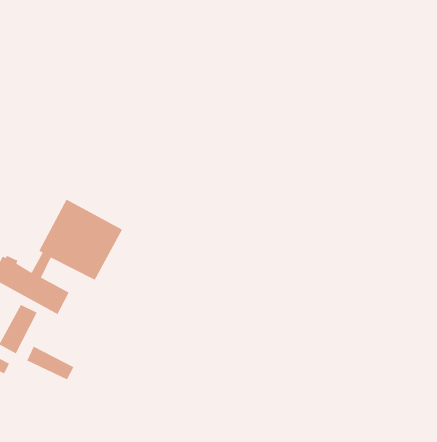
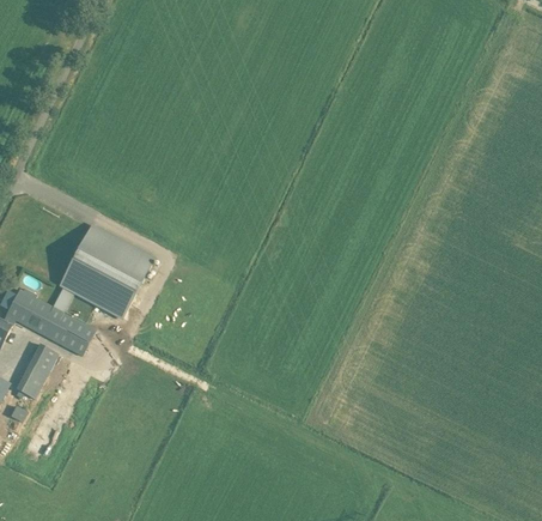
building: [26,346,74,380] -> none

